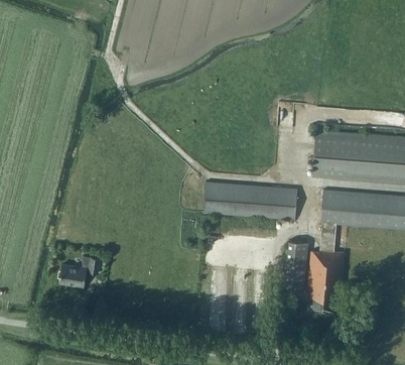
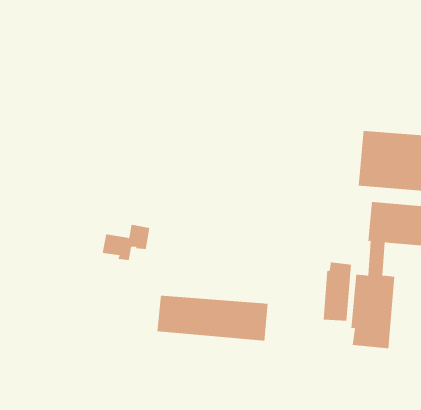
building: [204,180,297,219] -> [156,295,269,341]
building: [60,254,101,284] -> [102,224,150,260]

